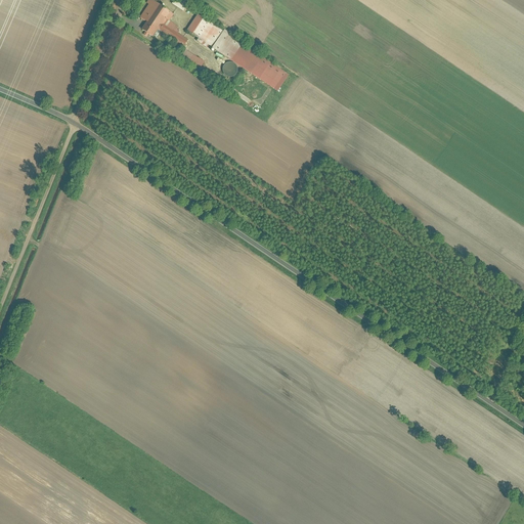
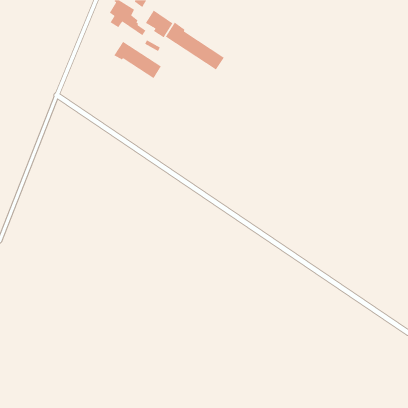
building: none -> [113,41,162,79]

